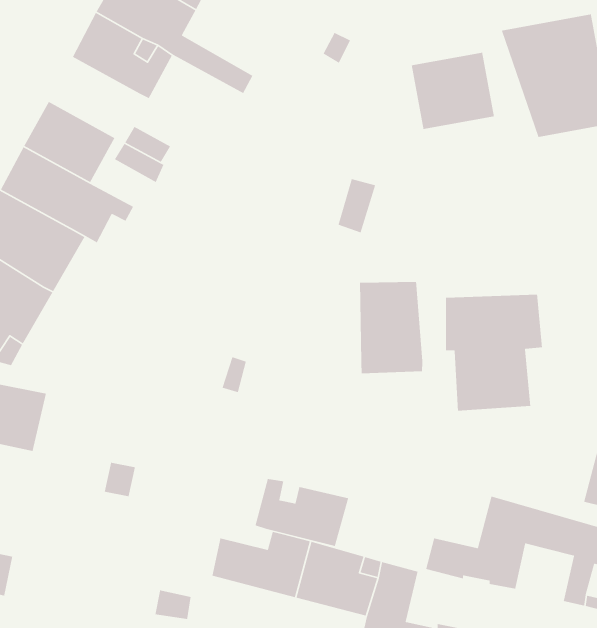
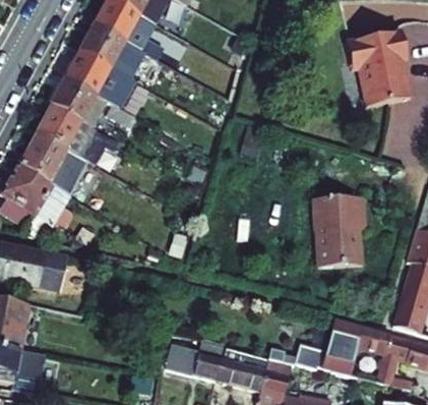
building: [411,52,495,130] -> none
building: none -> [67,53,122,102]
building: [359,281,423,374] -> none
building: [255,478,349,547] -> none

